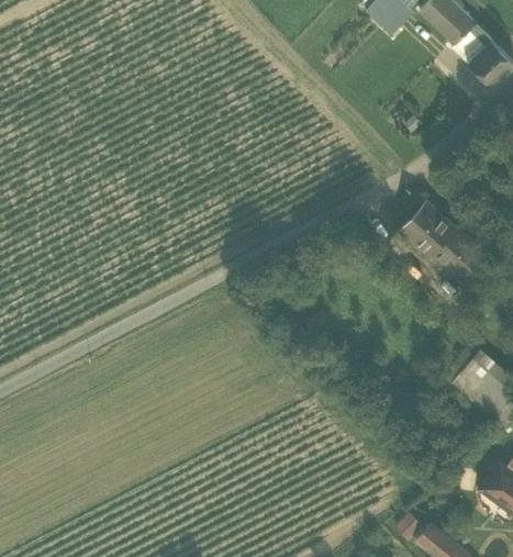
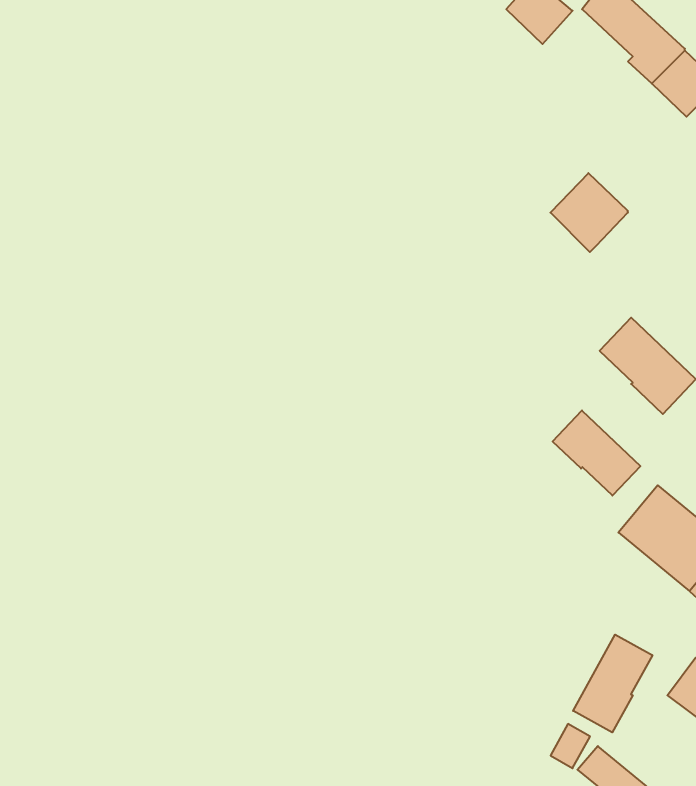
building: [399,198,453,253] -> [550,173,628,252]
building: none -> [553,410,640,496]
building: none -> [573,635,652,732]

